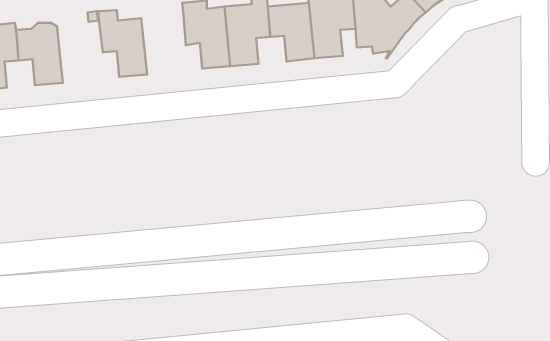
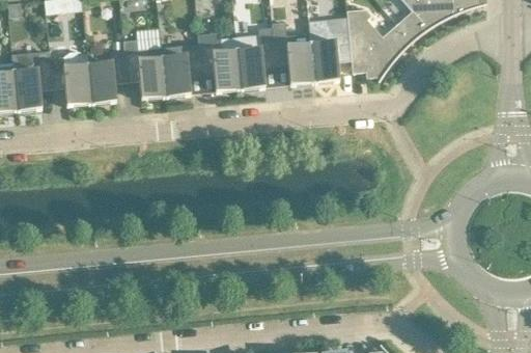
building: none -> [161,45,200,98]
building: none -> [87,52,127,105]

